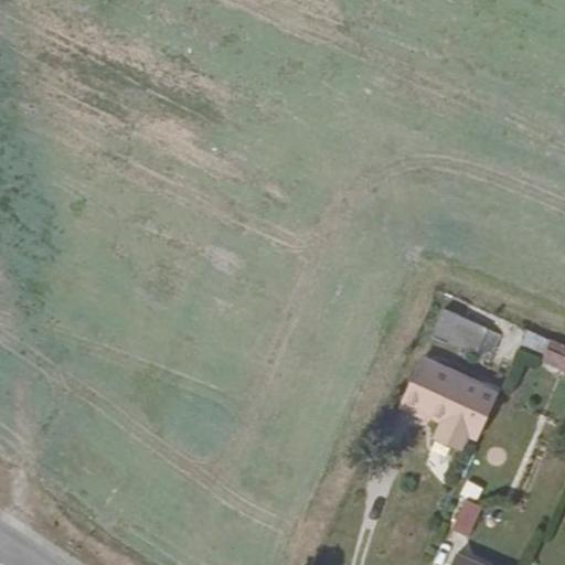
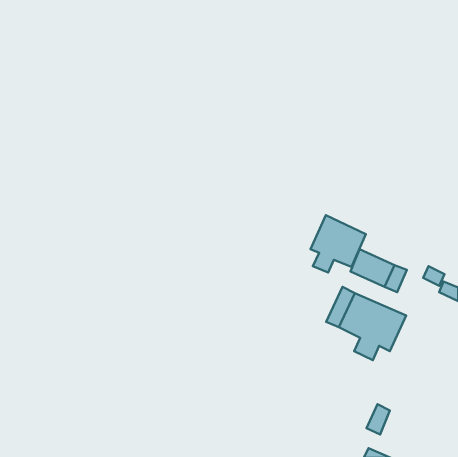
building: none -> [310,215,366,273]

